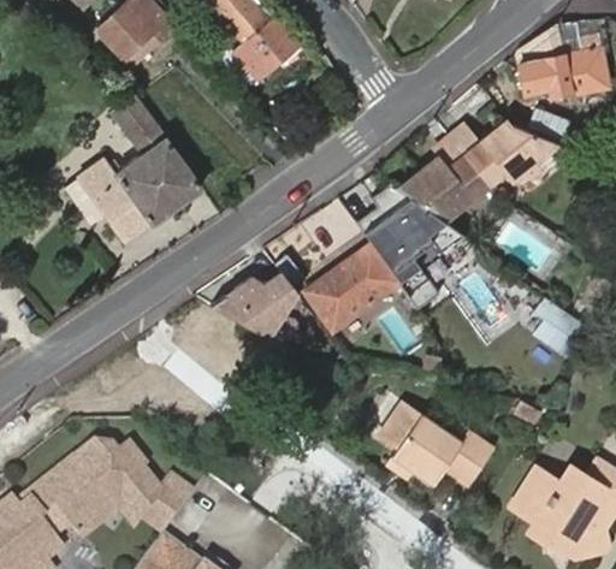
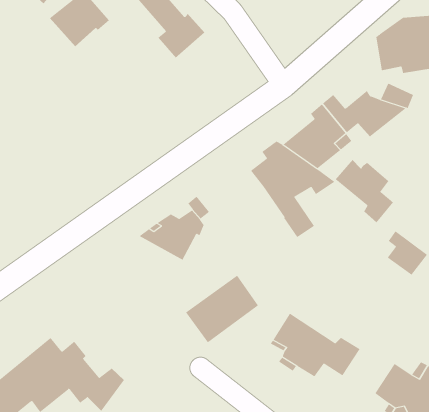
building: [64,95,199,242] -> none
building: none -> [335,159,394,223]
building: [303,243,398,331] -> [185,275,259,343]

